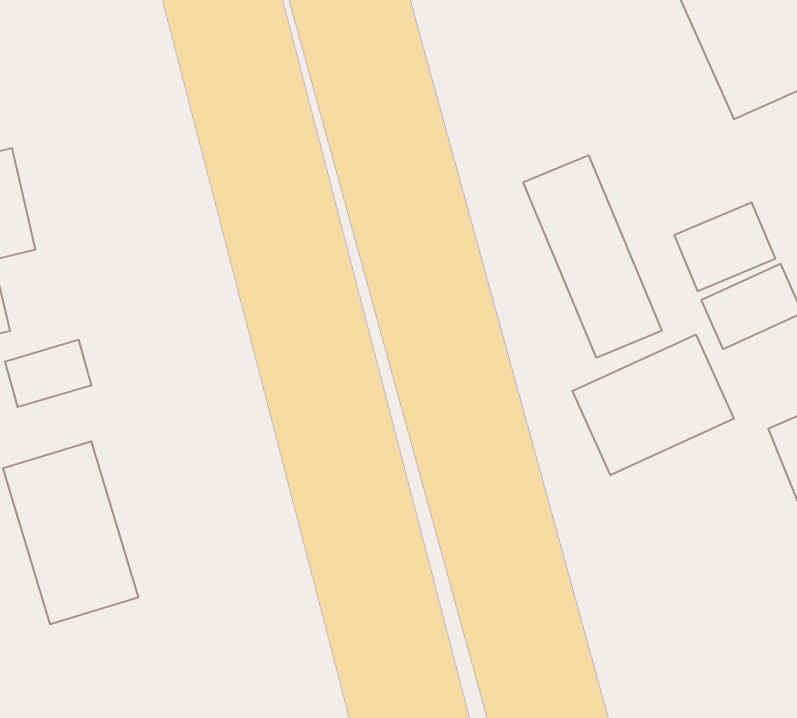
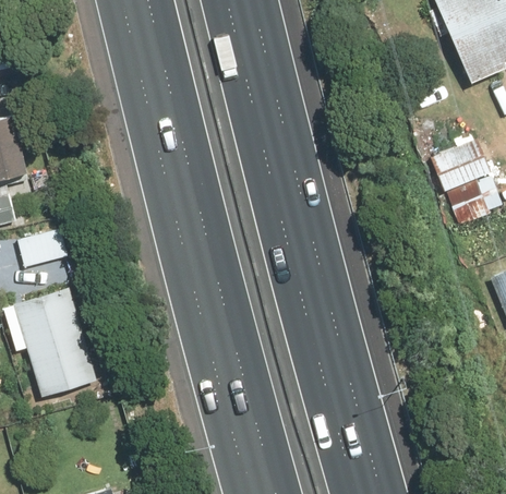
building: [523,155,662,358] -> none
building: [572,335,734,475] -> none

